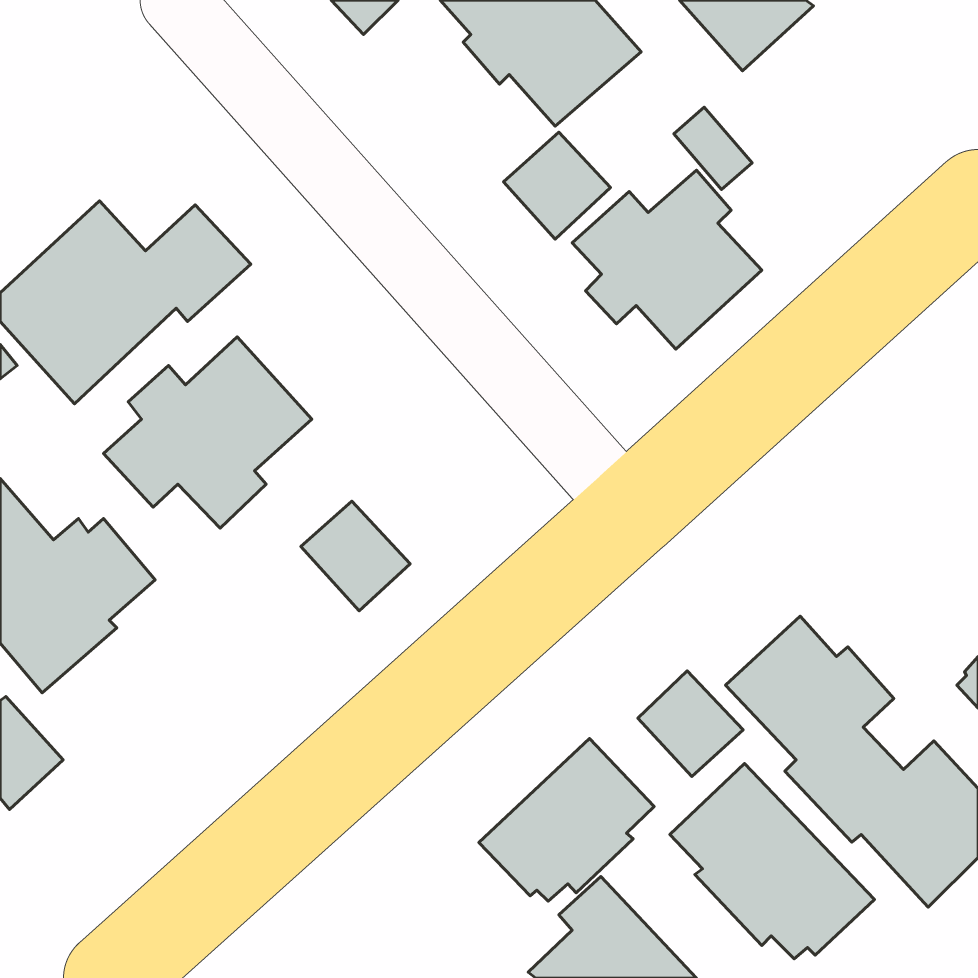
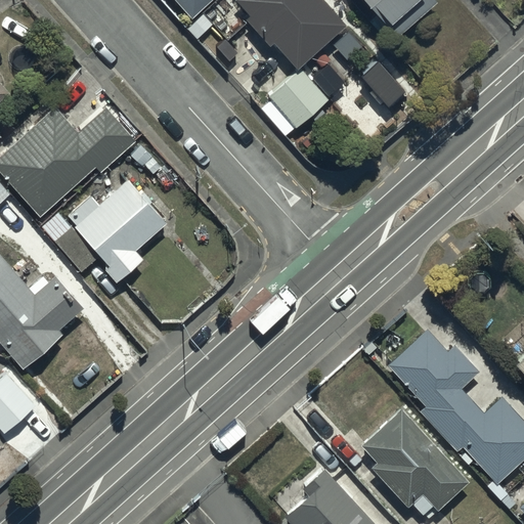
building: [572,170,762,349] -> none
building: [301,501,410,611] -> none
building: [638,671,743,777] -> none
building: [479,738,654,901] -> none

